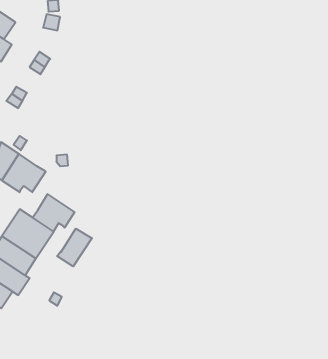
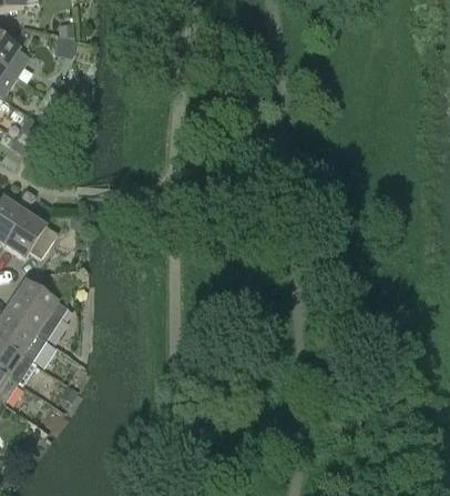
building: [33,194,75,231] -> none
building: [57,229,92,266] -> none

